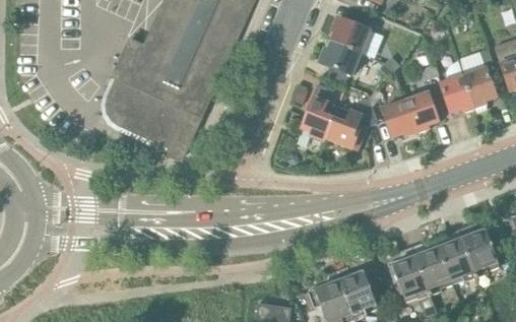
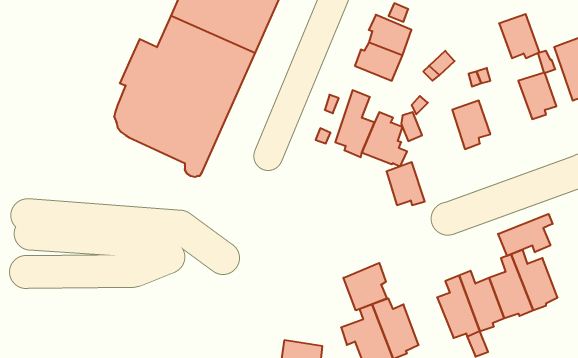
building: [440,74,475,113] -> [499,14,540,58]
building: [383,100,416,137] -> [386,162,425,205]
building: none -> [498,214,553,256]
building: none -> [343,263,387,310]

